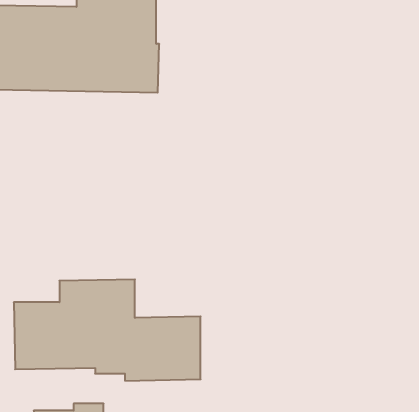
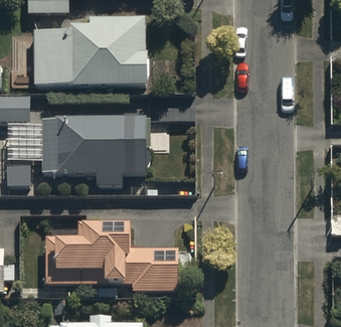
building: none -> [41,121,147,185]

